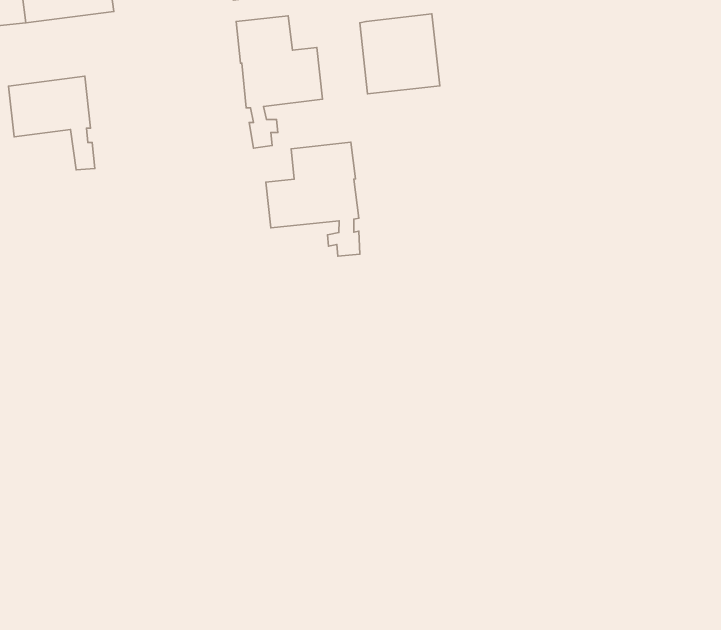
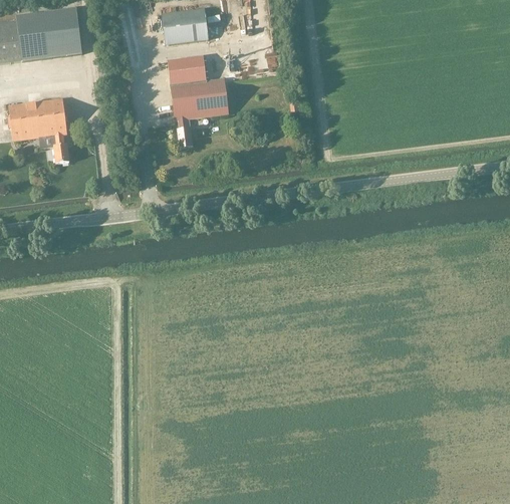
building: [360,14,440,94] -> none
building: [266,142,360,256] -> none

